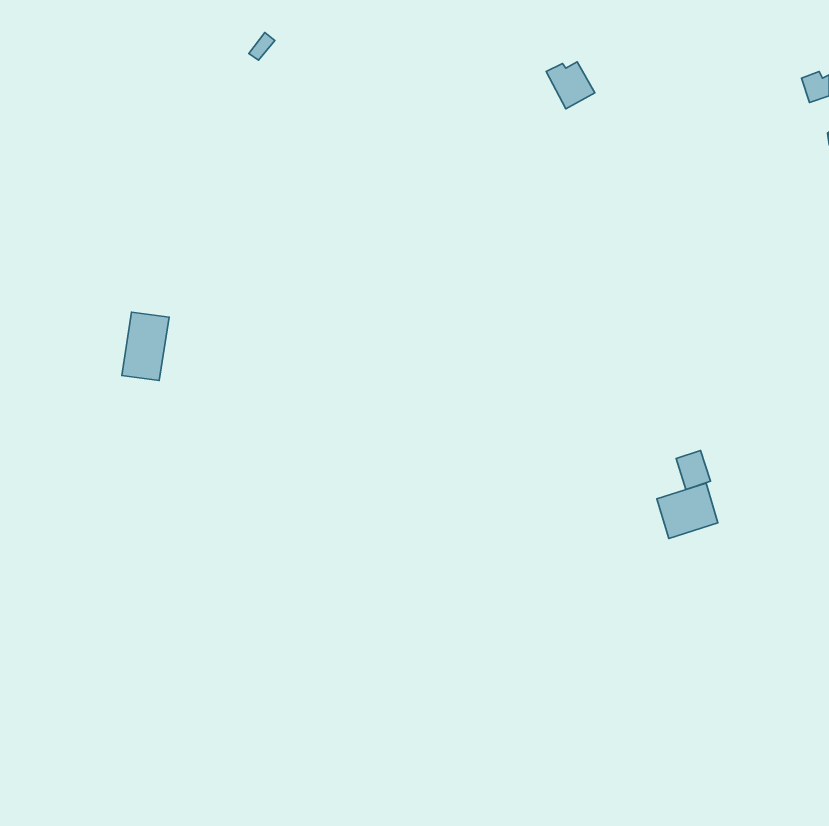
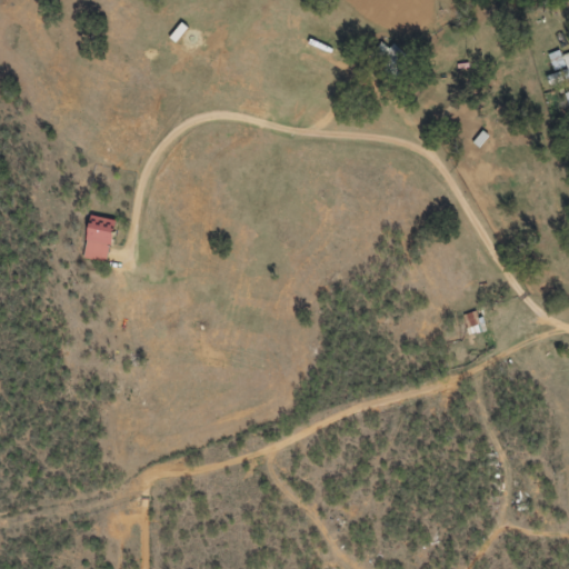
building: [657,483,718,538] -> none

